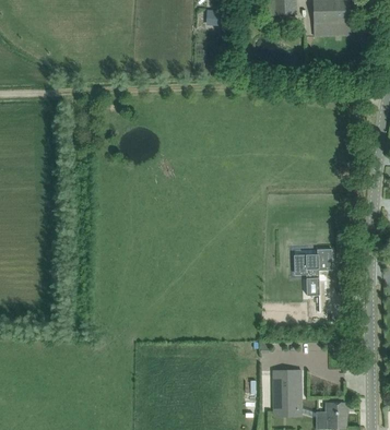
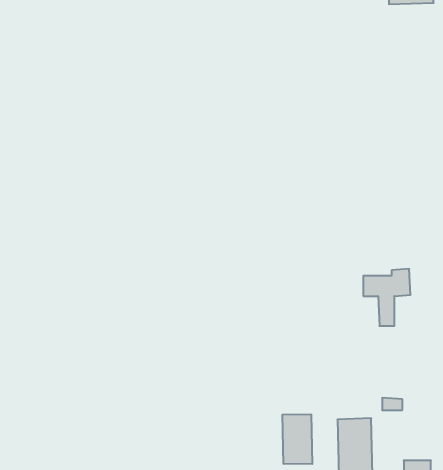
building: none -> [282,414,312,464]

